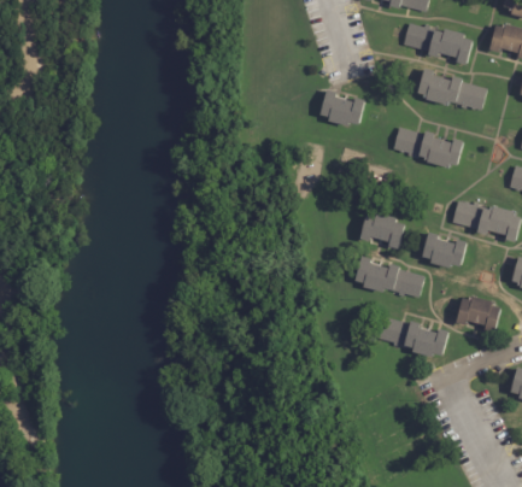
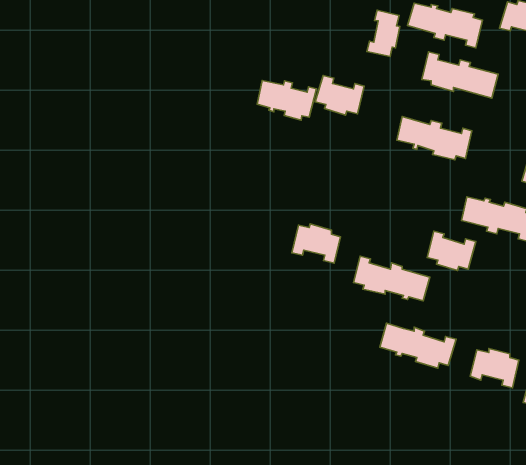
building: none -> [367,10,400,56]
building: none -> [257,81,316,120]
building: [360,210,405,246] -> [292,224,341,263]
building: [456,295,500,331] -> [470,348,519,388]

